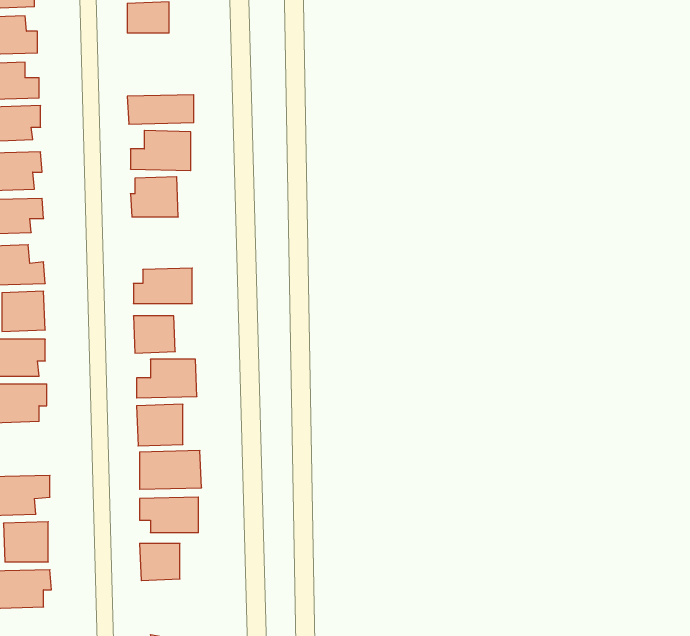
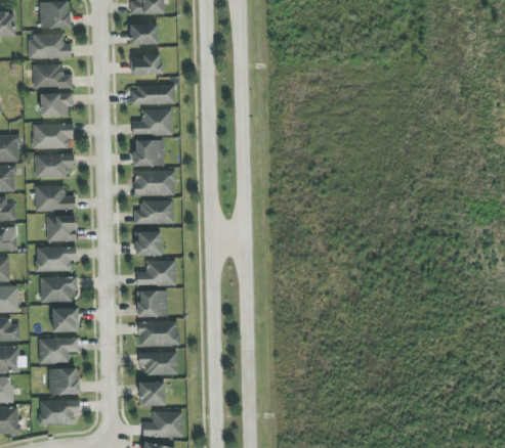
building: none -> [132,53,162,74]
building: none -> [134,170,175,195]
building: none -> [52,308,79,331]
building: none -> [142,411,182,437]

